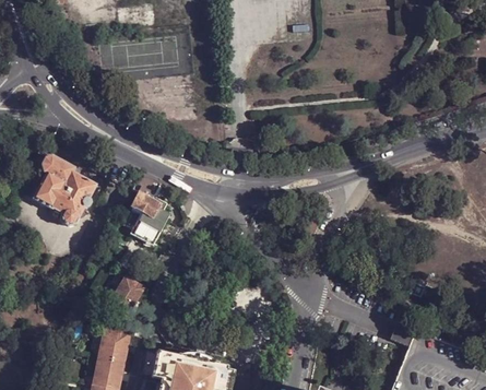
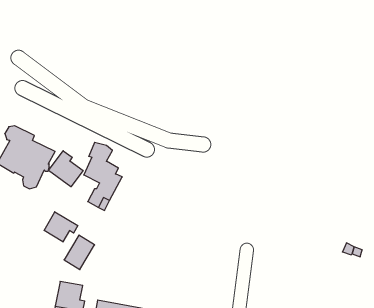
building: none -> [48,151,83,187]
building: none -> [44,212,78,242]

